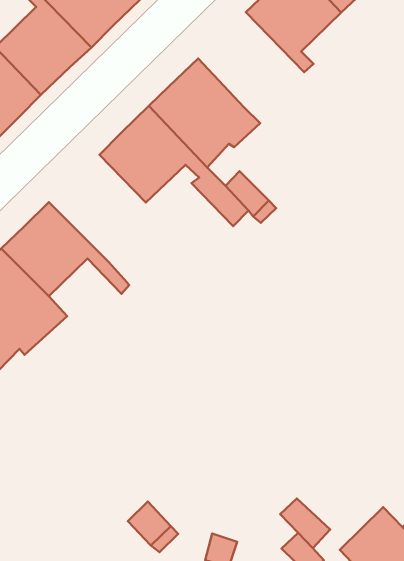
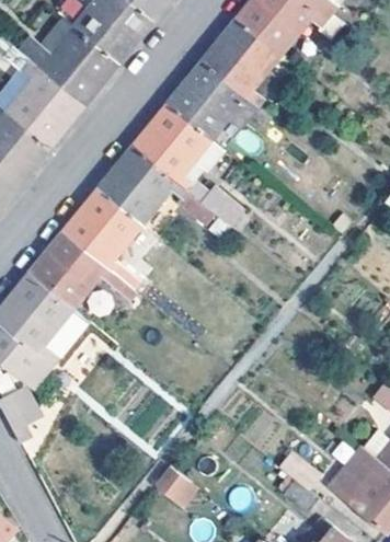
building: none -> [169,62,255,139]
building: none -> [62,191,140,290]

